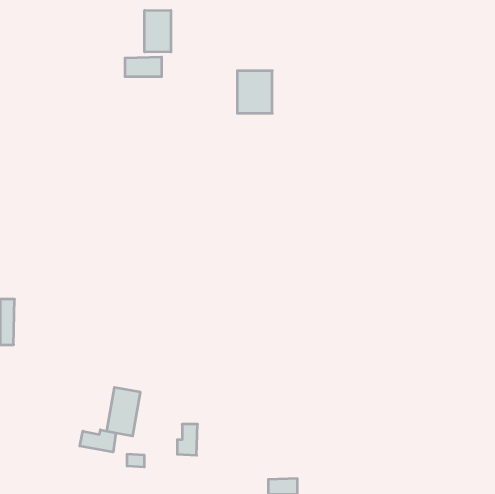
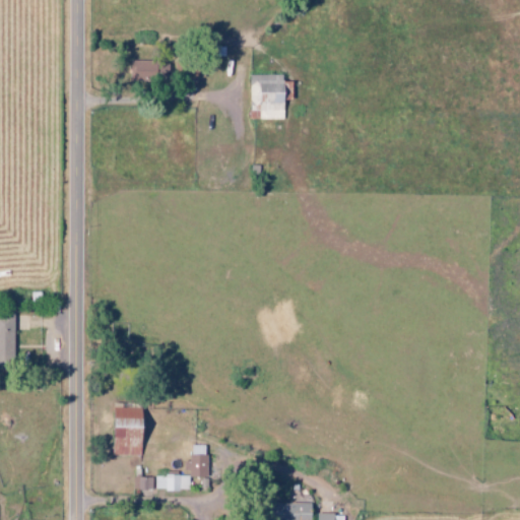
building: [145,10,171,52] -> none
building: [80,430,116,452] -> none
building: none -> [153,474,188,490]

